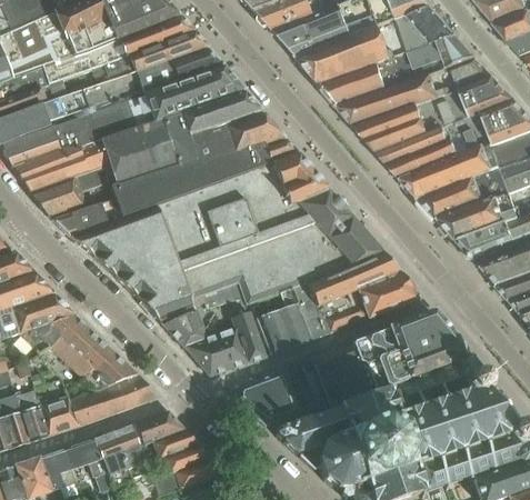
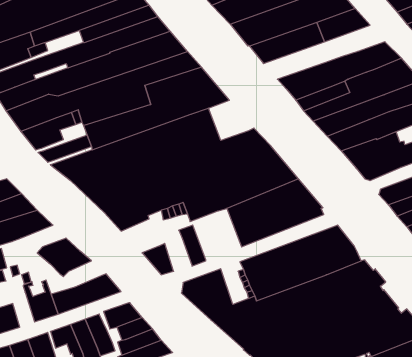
building: [339,57,493,126] -> none
building: [269,152,327,203] -> none
building: [257,290,311,354] -> none
building: [161,308,207,347] -> none
building: [19,311,88,350] -> none
building: [213,328,248,370] -> none
building: [84,357,138,390] -> none
building: [14,389,48,441] -> none

